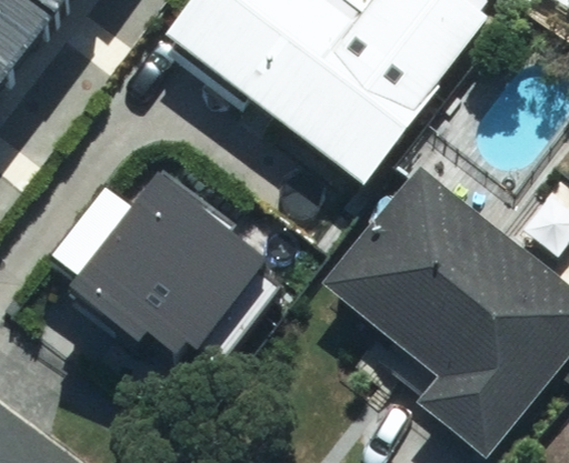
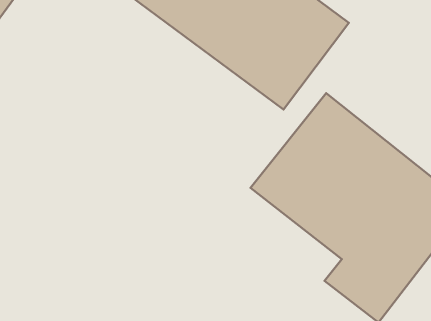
building: [69,172,254,359] -> none

